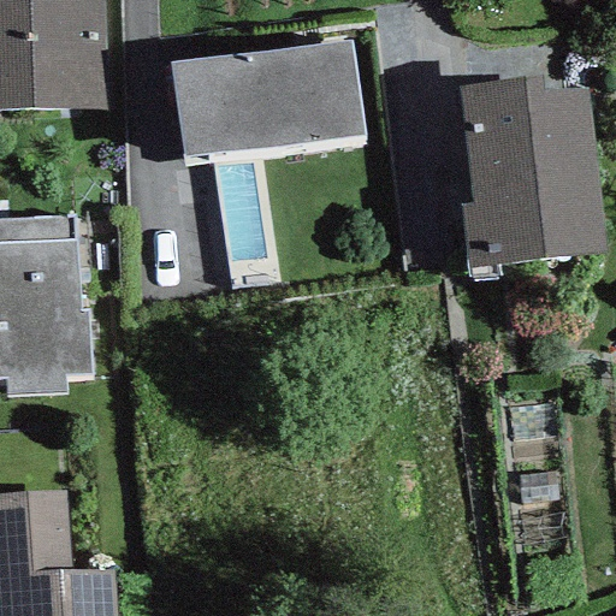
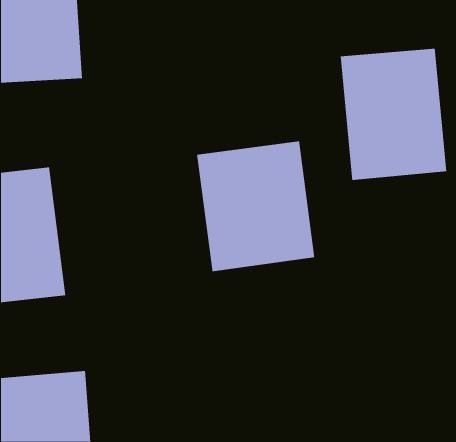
building: [166,46,359,161] -> none
building: none -> [197,141,315,272]

